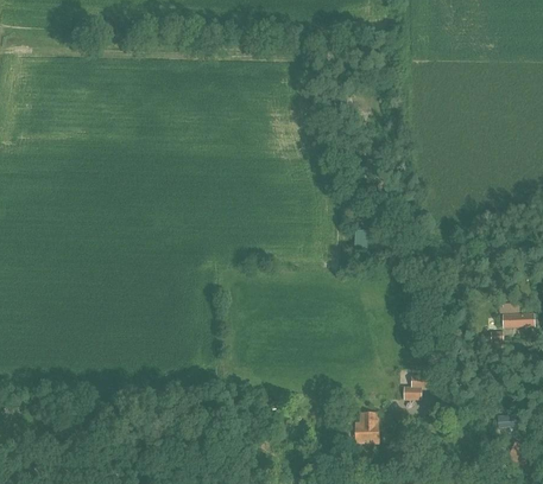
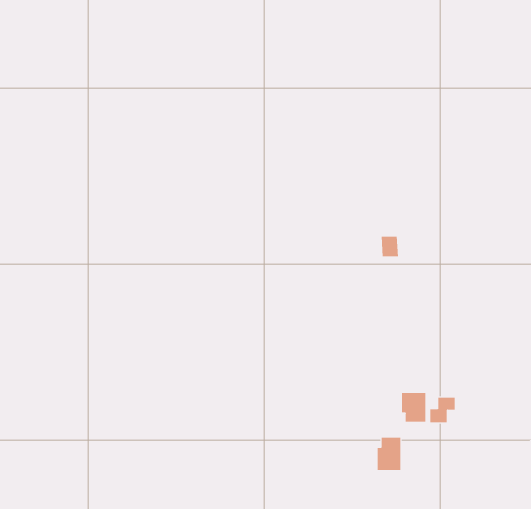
building: none -> [401,392,426,423]

